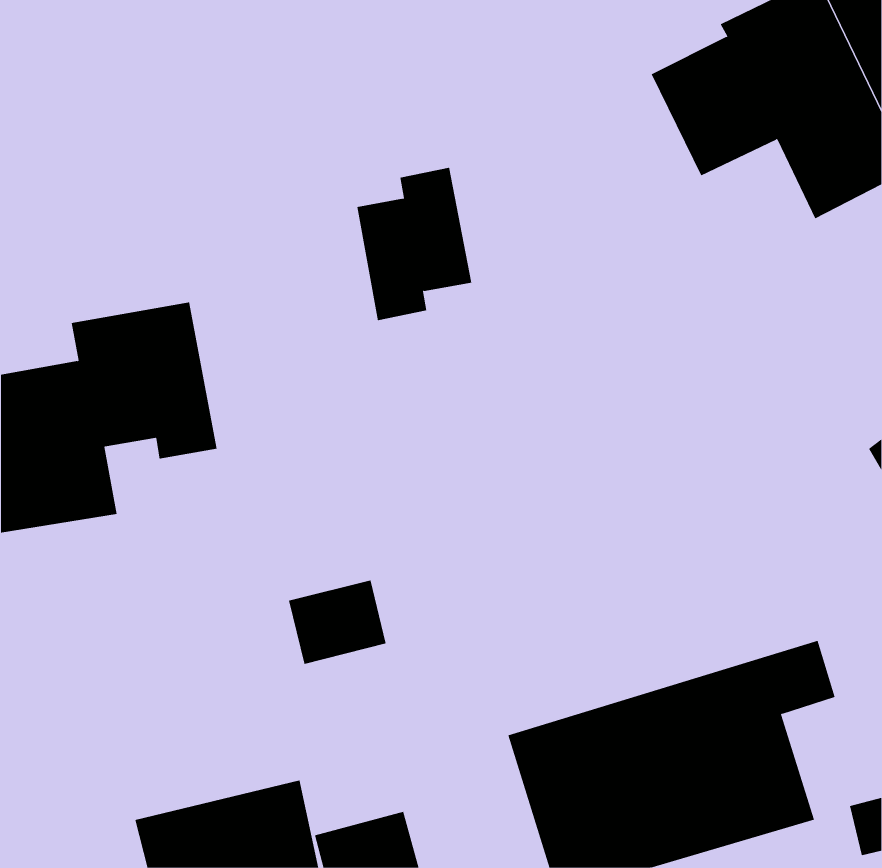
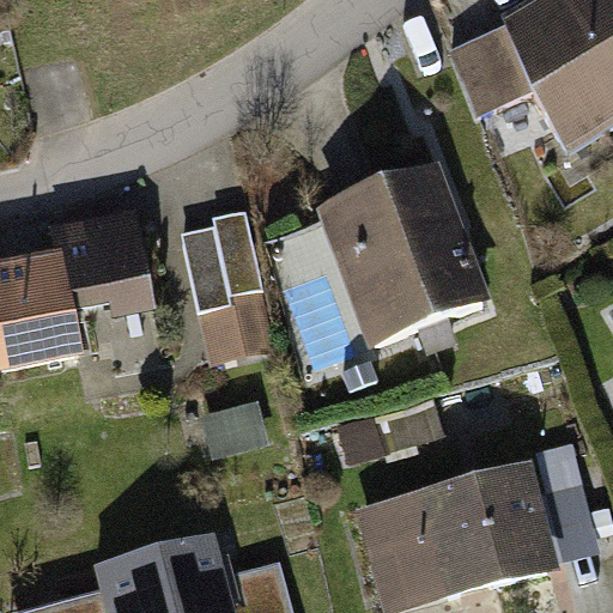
building: [357,167,472,321] -> [183,210,263,316]
building: none -> [321,168,485,353]

